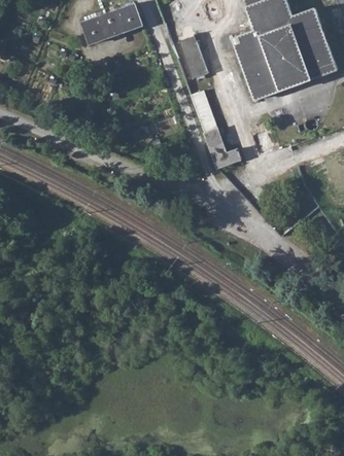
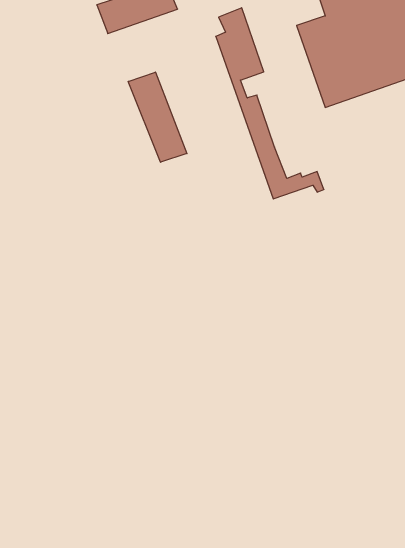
building: none -> [128,72,187,162]

